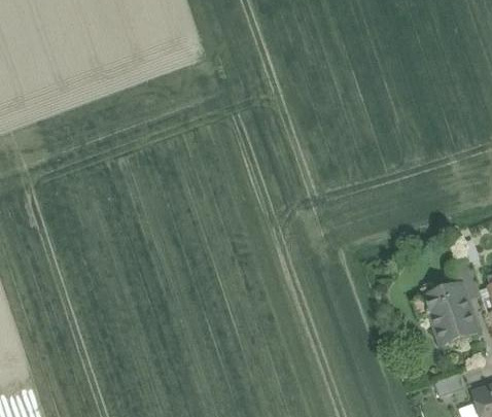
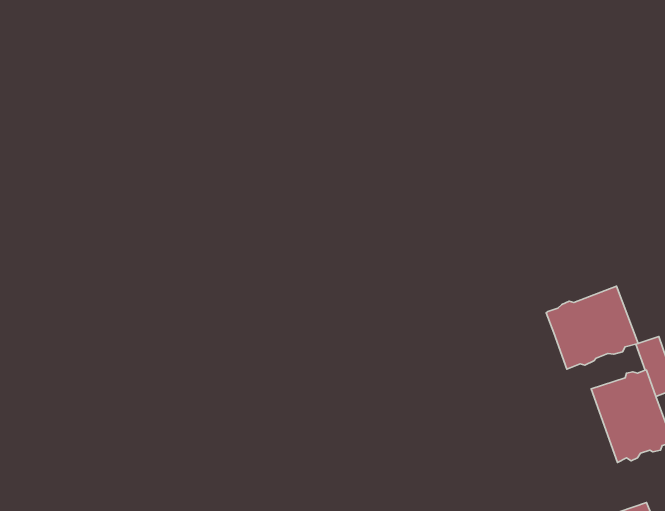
building: none -> [546,286,638,369]

